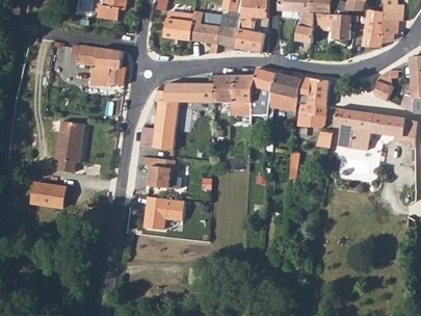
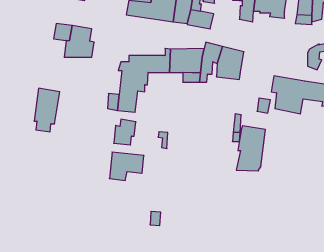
building: [294,76,328,129] -> [236,126,265,171]
building: [31,183,65,208] -> none

